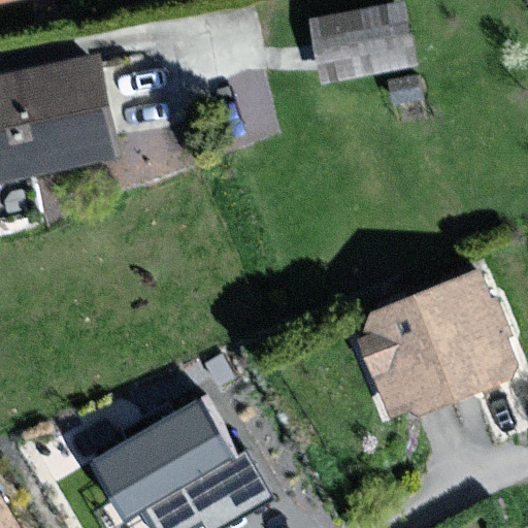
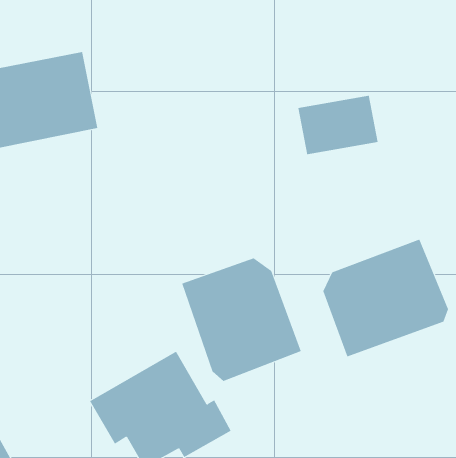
building: [318,8,410,76] -> [297,95,379,155]
building: none -> [182,257,302,382]

